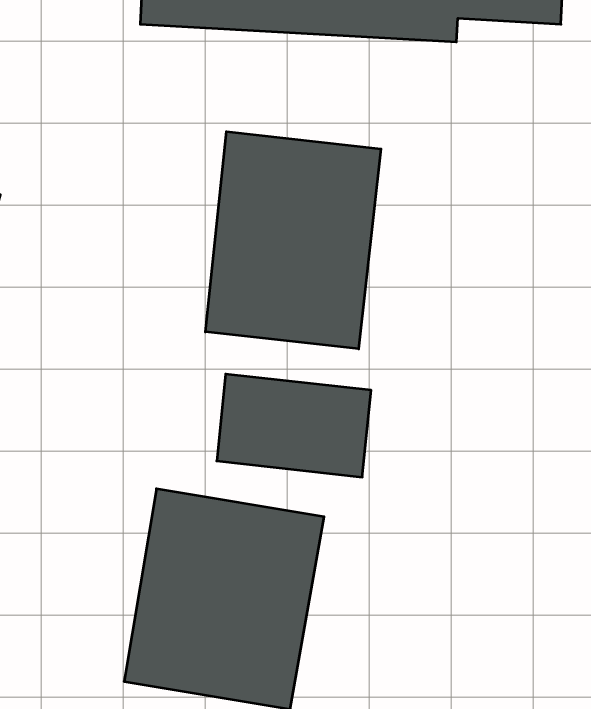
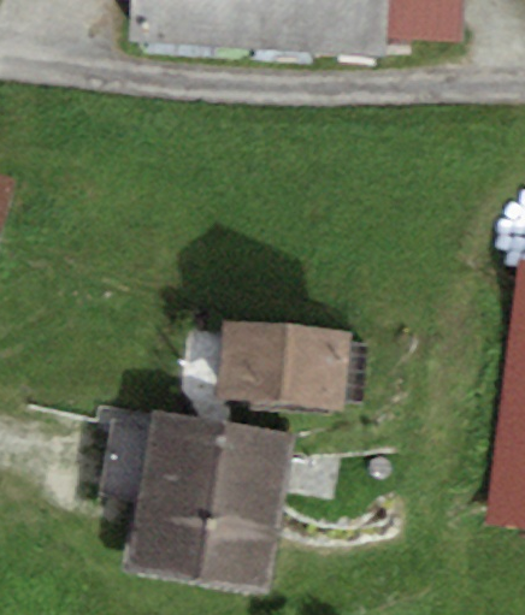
building: [205,132,381,349] -> none

